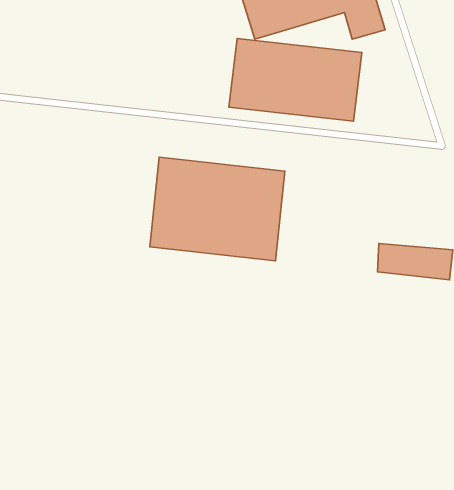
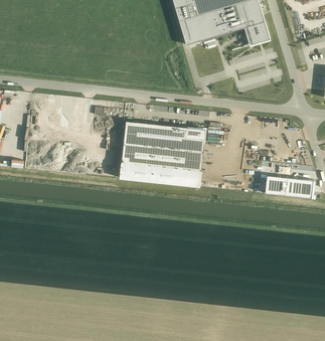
building: [229,38,362,121] -> none

